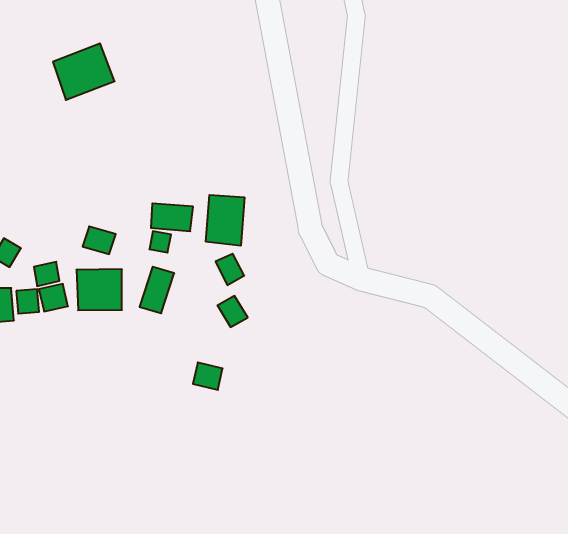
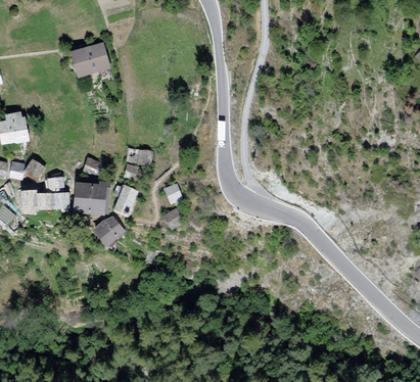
building: [206,195,244,246] -> none
building: none -> [96,220,124,247]

